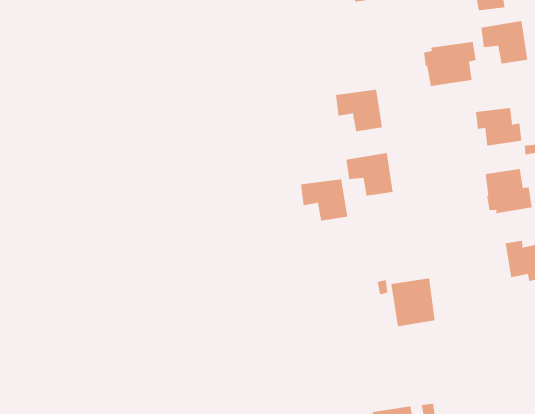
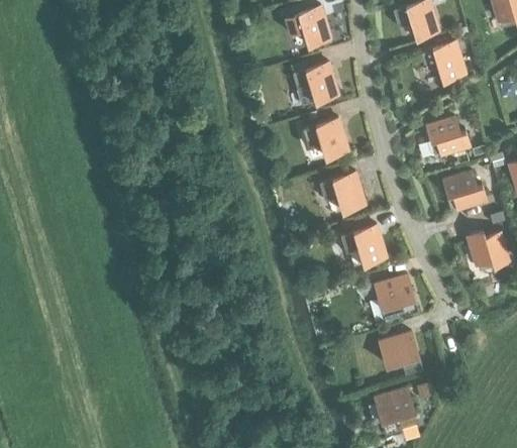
building: none -> [293,63,338,106]
building: [423,41,476,87] -> none
building: [300,179,348,221] -> [341,226,387,265]
building: none -> [380,333,423,374]

